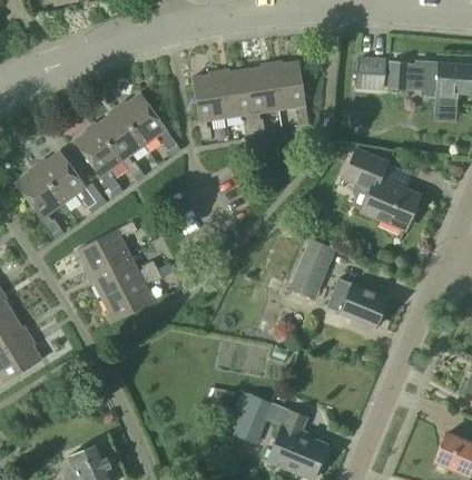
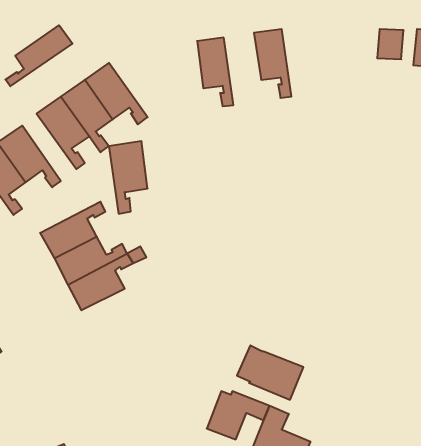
building: [357,57,389,87] -> none
building: none -> [5,25,72,86]
building: [246,65,281,131] -> none
building: [191,72,227,139] -> [109,141,148,214]
building: [344,150,420,228] -> none
building: [295,242,335,294] -> none
building: [328,277,390,327] -> [237,345,303,400]

